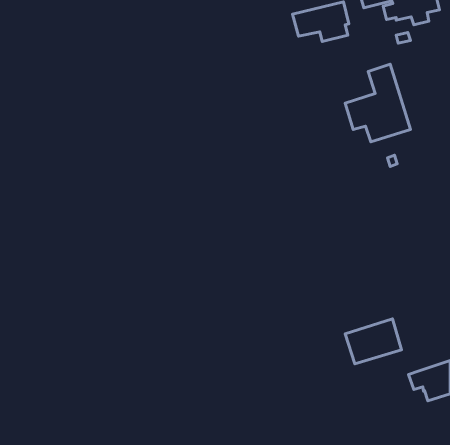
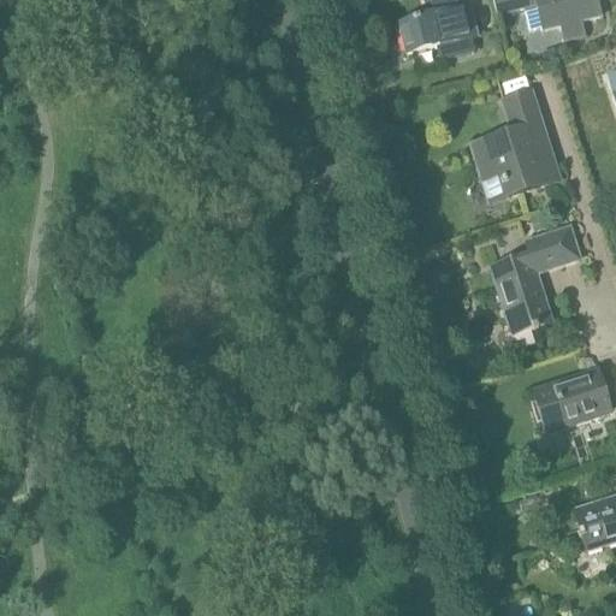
building: none -> [488,225,578,332]
building: [345,319,401,364] -> [532,367,609,428]

